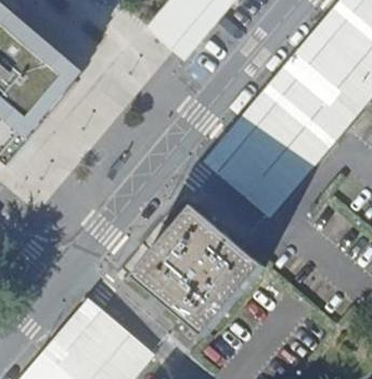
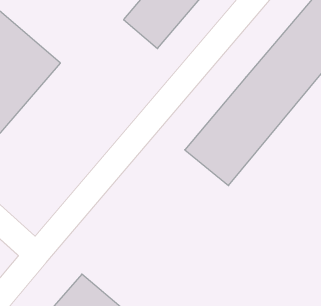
building: [134,204,264,333] -> none

